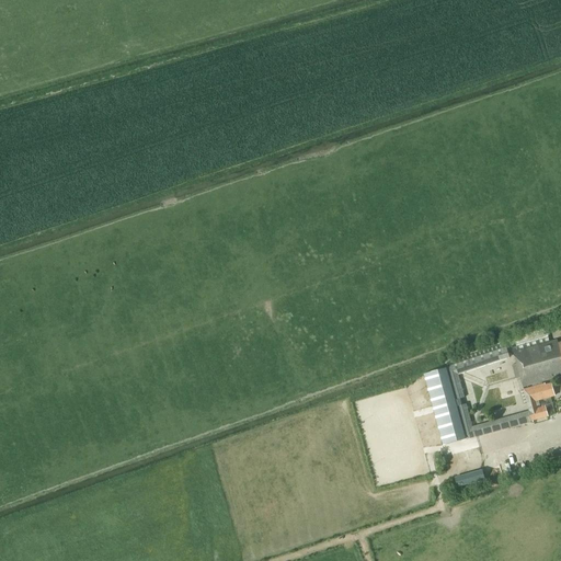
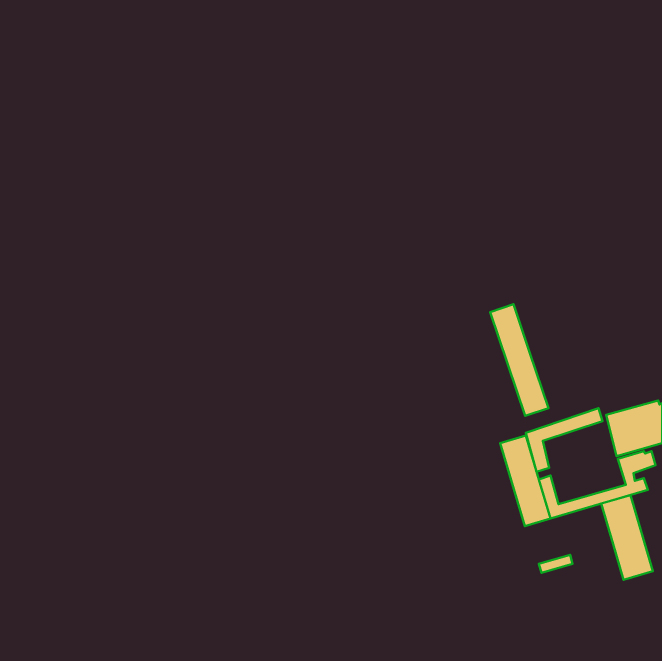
building: none -> [490,304,549,416]
building: none -> [601,495,653,580]

